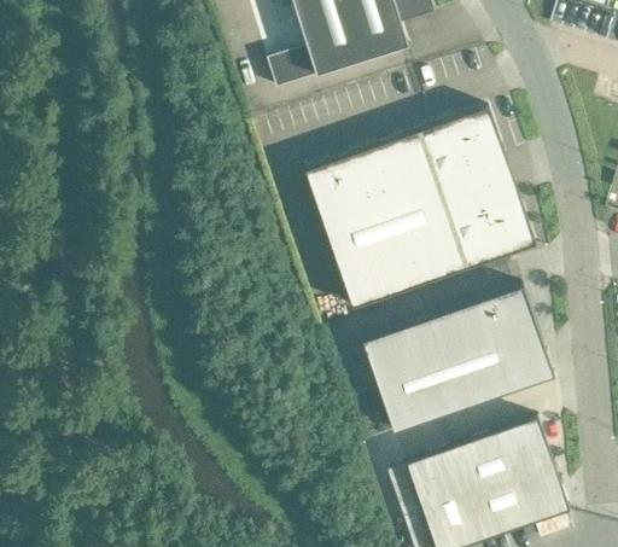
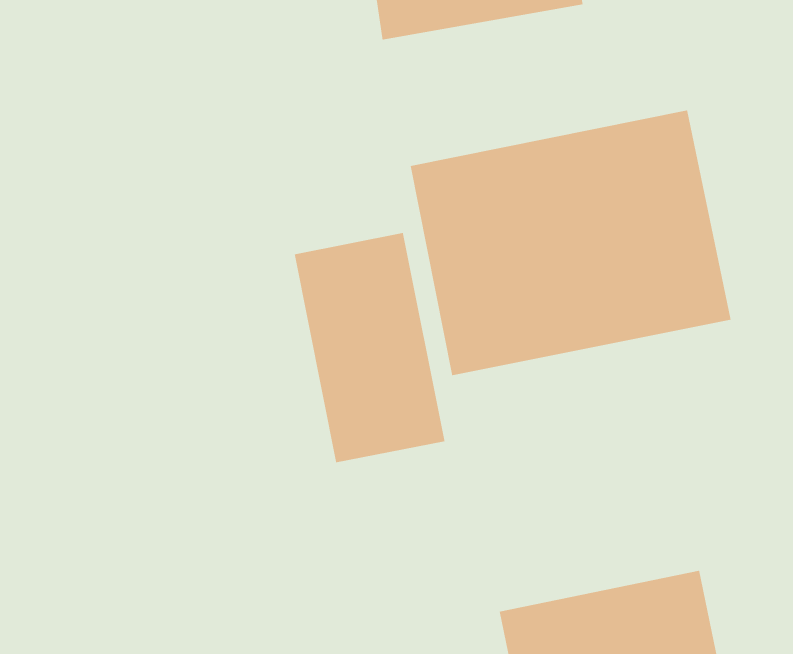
building: none -> [294,232,445,463]
building: [361,286,553,432] -> none

